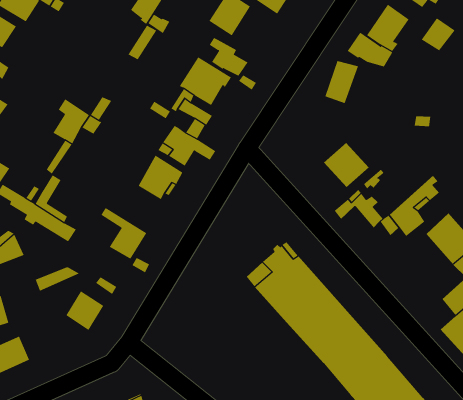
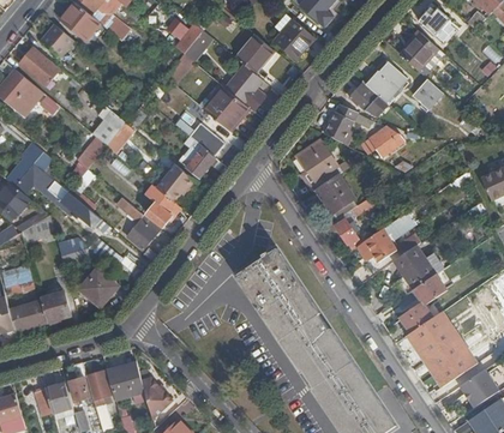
building: none -> [360,128,404,157]
building: none -> [298,140,341,190]
building: none -> [145,184,179,225]
building: none -> [40,291,71,321]

